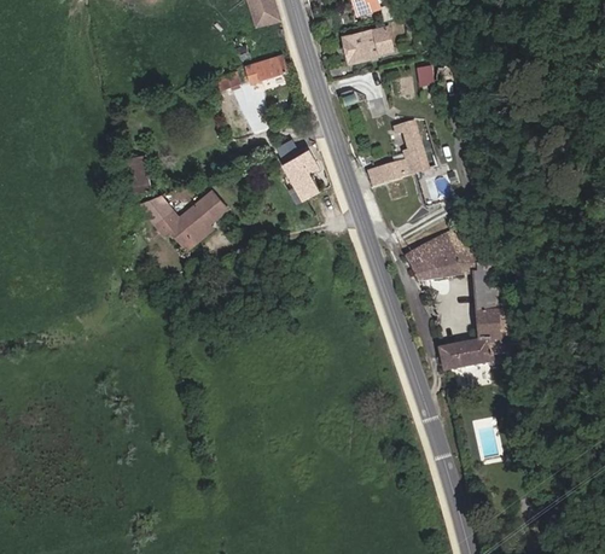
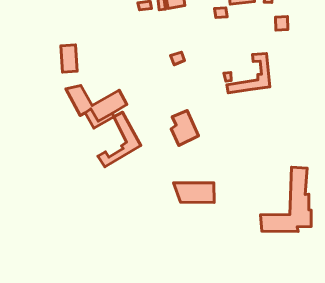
building: [289,146,330,197] -> [171,111,198,145]
building: none -> [98,112,141,167]
building: [405,245,466,280] -> [173,183,214,203]

